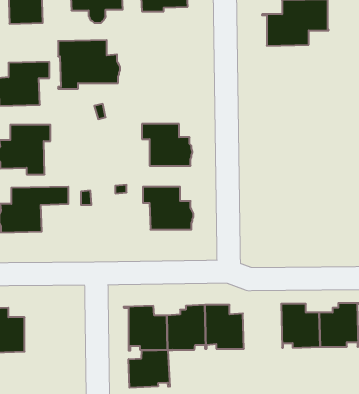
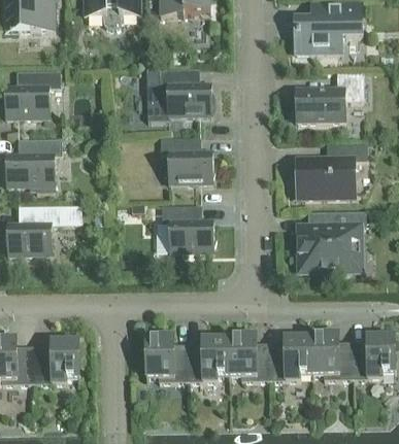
building: [58,40,120,89] -> [146,69,213,122]
building: none -> [296,73,363,123]
building: none -> [297,144,366,197]
building: none -> [298,211,365,272]
building: none -> [269,333,311,381]
building: none -> [33,336,82,384]
building: [129,350,173,388] -> none

